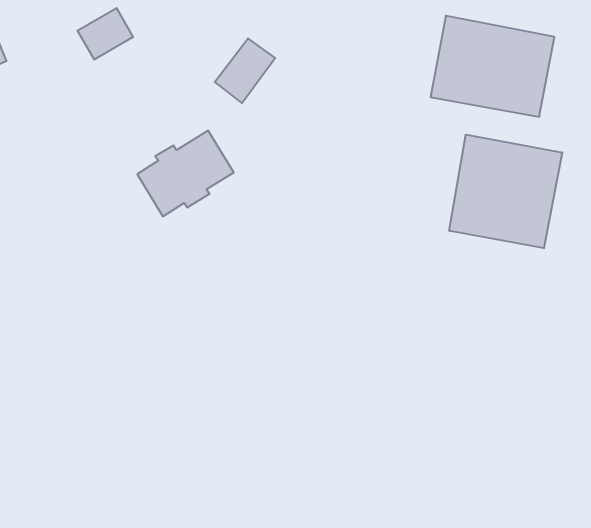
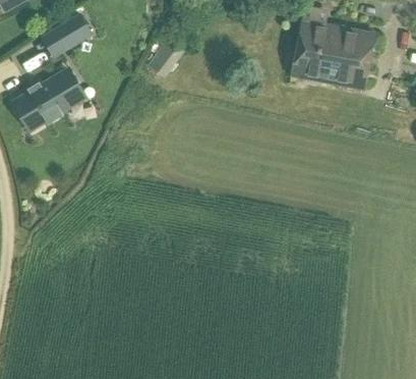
building: [137,130,234,216] -> [14,71,79,129]
building: [449,135,562,248] -> none

